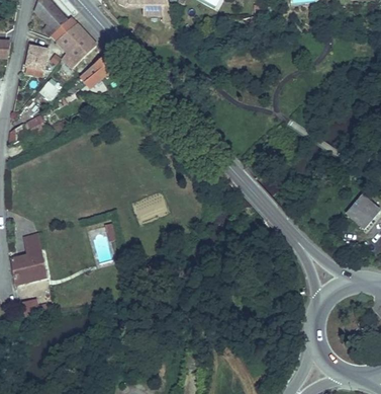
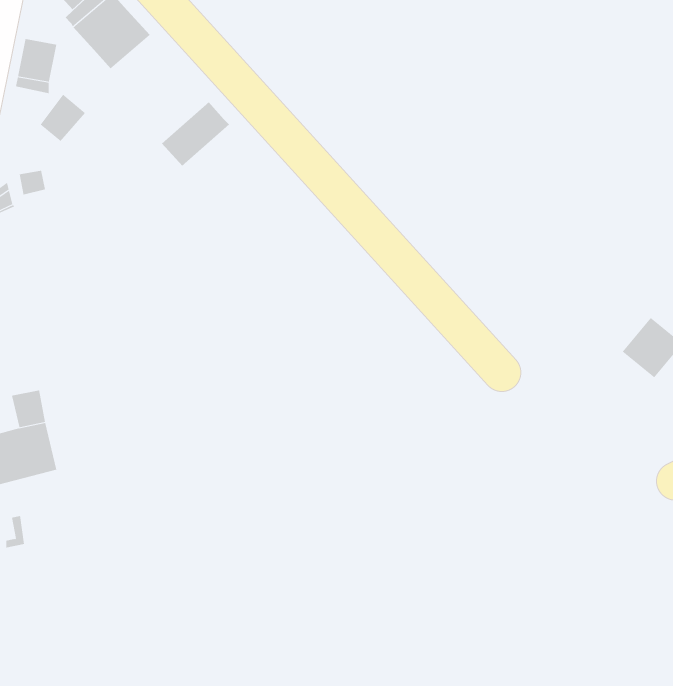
building: [80,55,116,89] -> [161,102,230,166]

